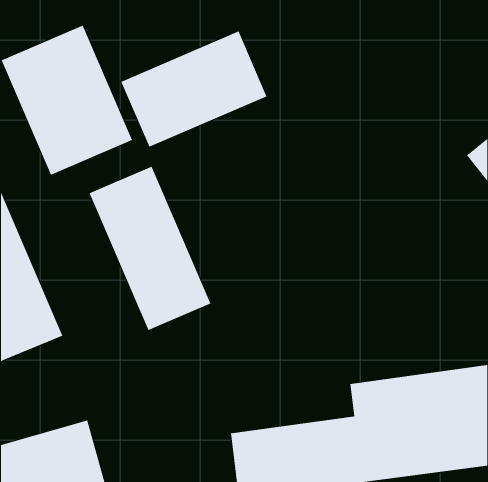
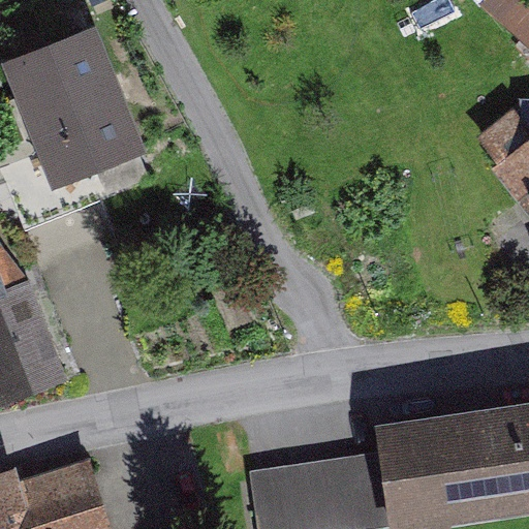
building: [121,31,267,148] -> none
building: [89,166,211,331] -> none

